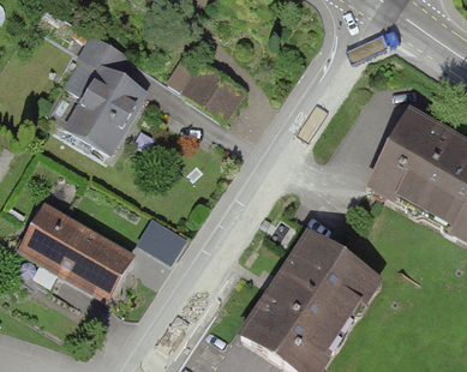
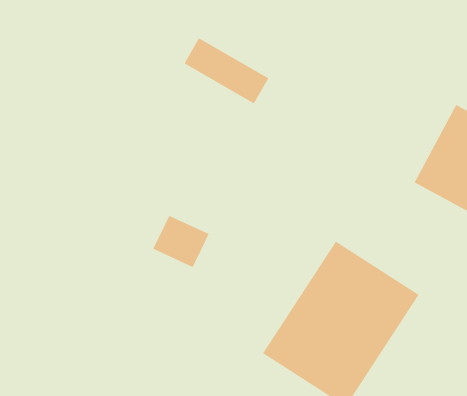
building: [65,35,145,154] -> none
building: [17,204,130,298] -> none

